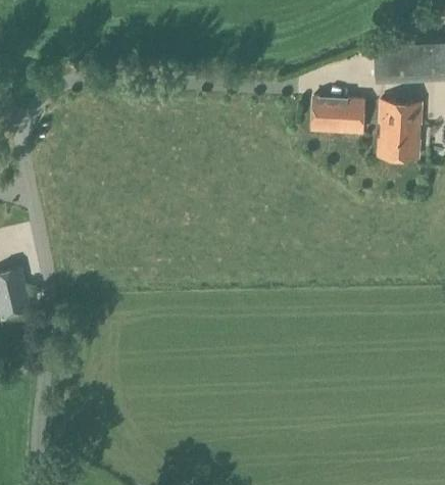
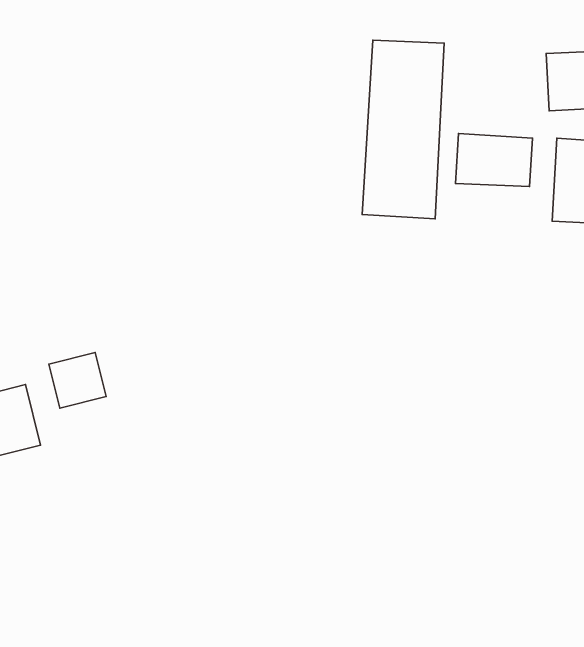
building: none -> [362,40,444,219]
building: none -> [49,353,106,408]

